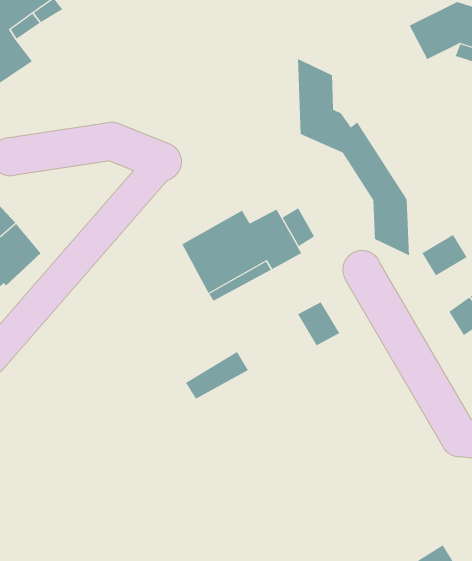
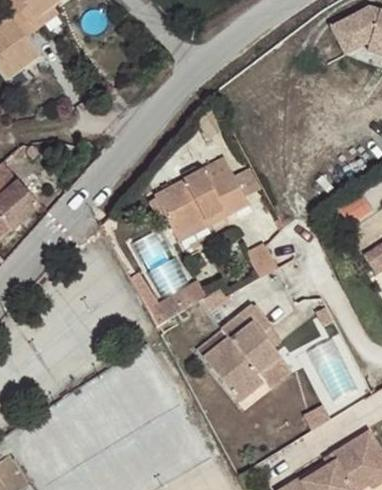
building: [297,58,410,256] -> none
building: none -> [200,308,295,405]

